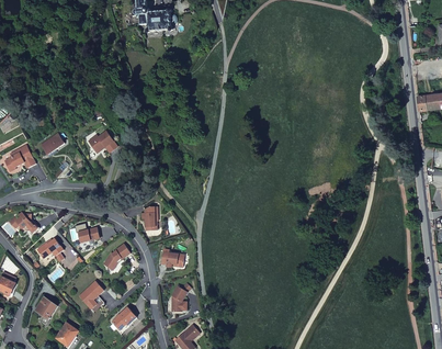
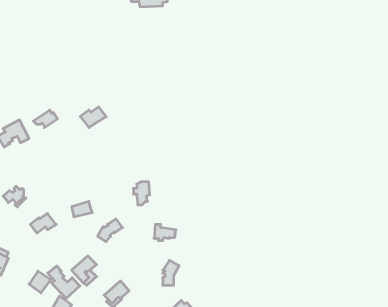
building: none -> [48,266,80,299]

